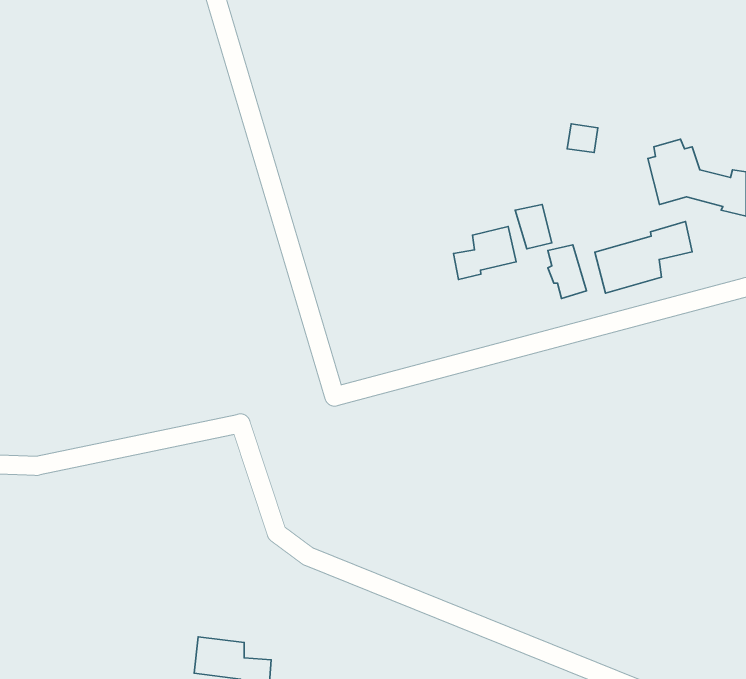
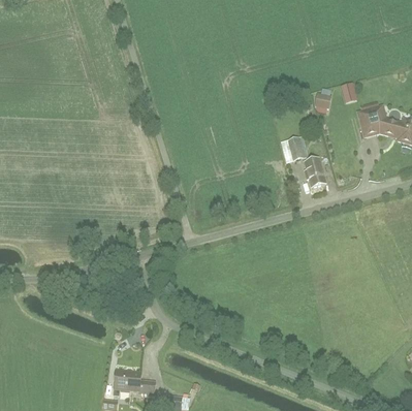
building: [595,222,692,293] -> none
building: [453,227,516,280] -> none

